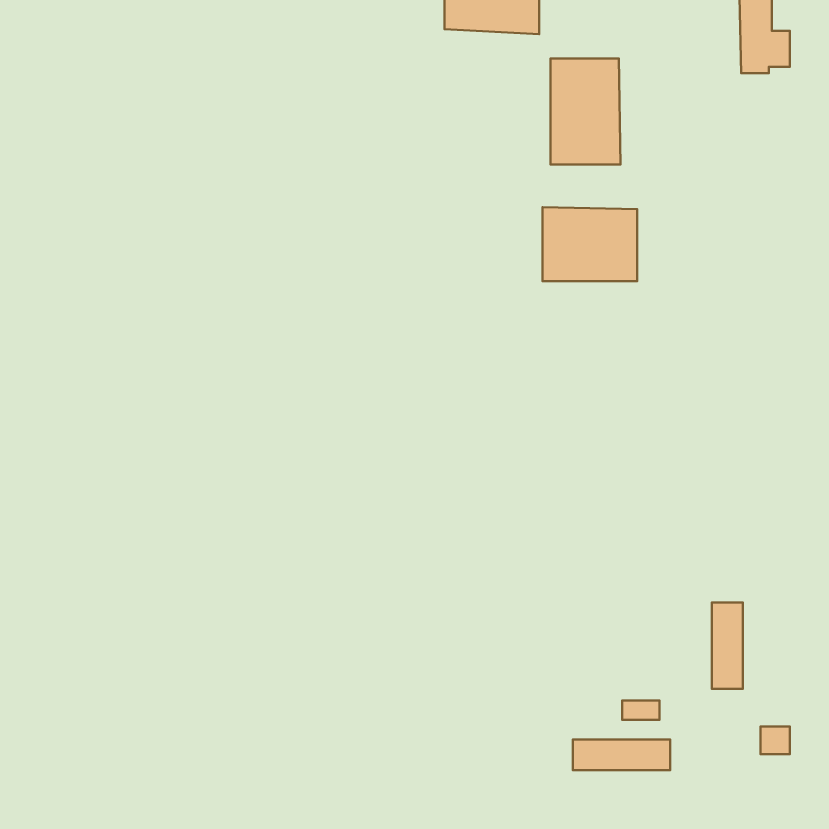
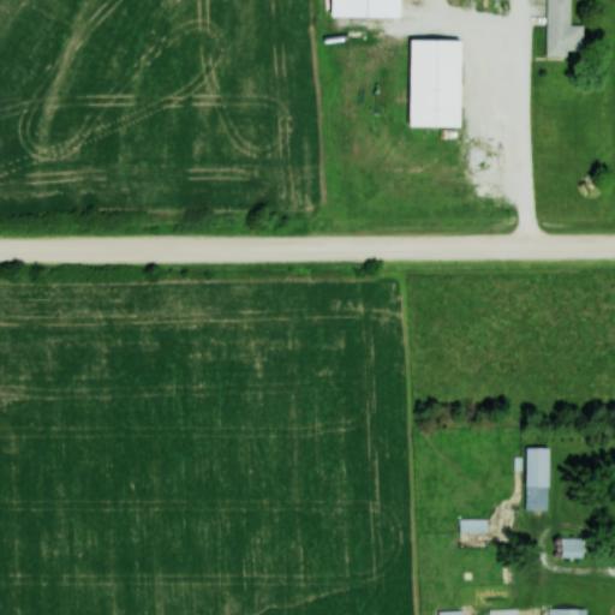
building: [542,207,637,281] -> none
building: [573,740,670,770] -> none

